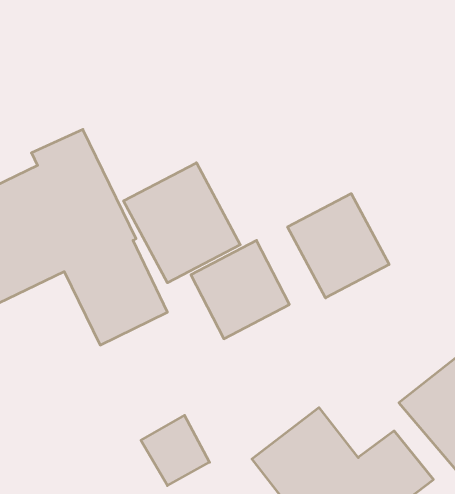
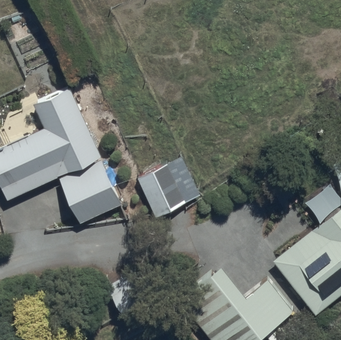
building: [124,163,240,283] -> none
building: [288,194,389,298] -> none

